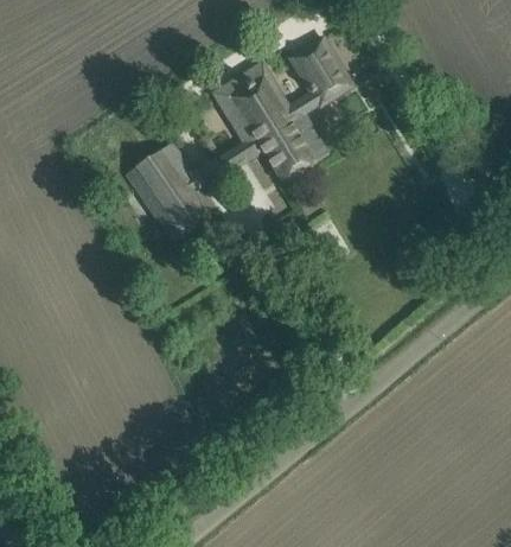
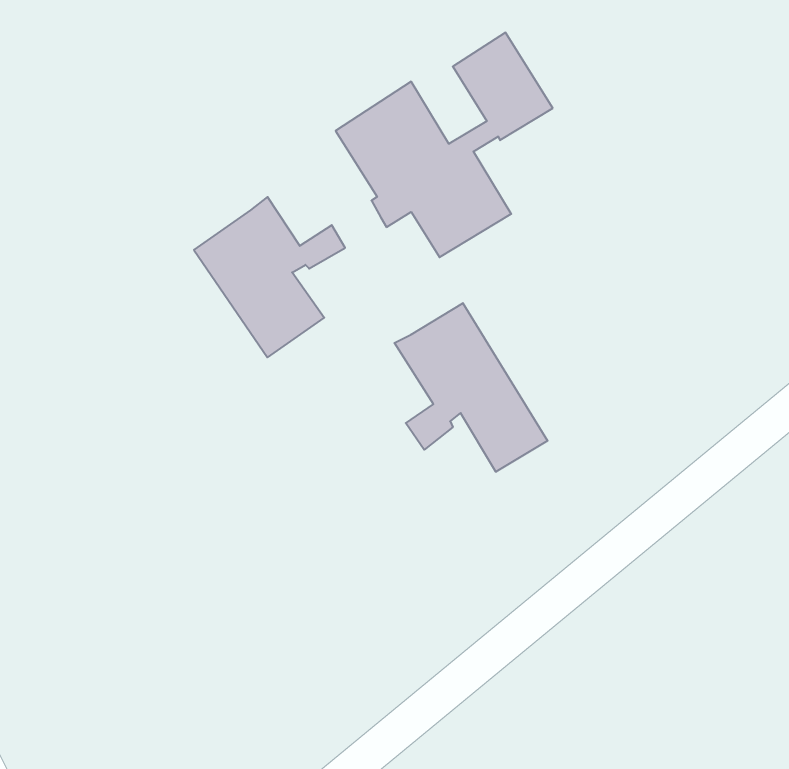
building: none -> [394,303,548,472]

